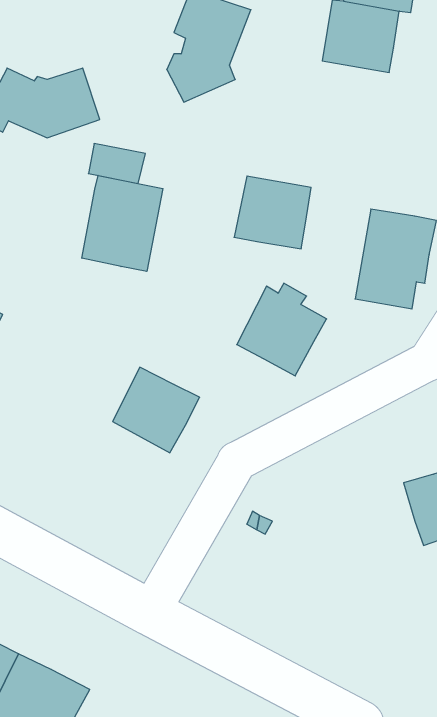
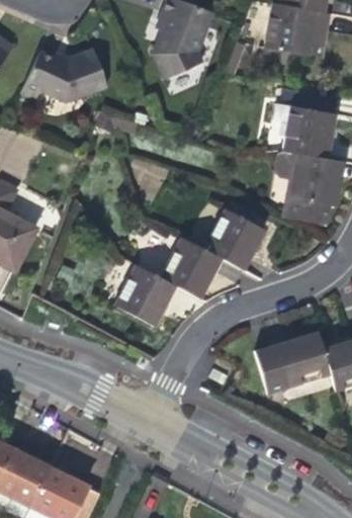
building: [82,175,163,271] -> none
building: [234,176,311,249] -> [282,105,337,157]
building: none -> [159,236,223,298]
building: none -> [254,329,330,393]

